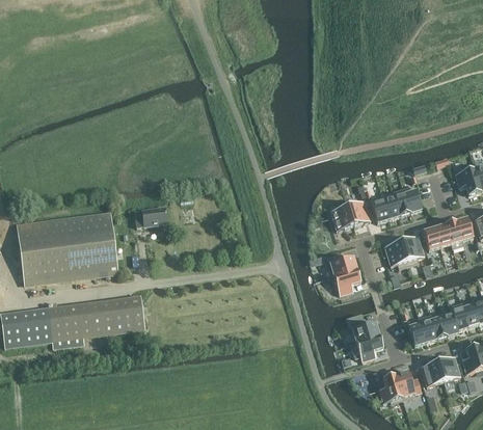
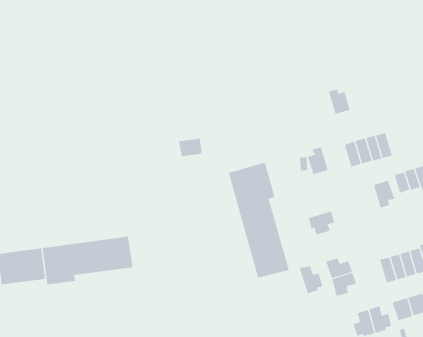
building: [346,196,370,224] -> [328,88,351,115]
building: [141,206,167,225] -> [178,138,203,157]
building: [17,213,118,283] -> none
building: none -> [228,162,289,278]
building: [384,240,408,268] -> none
building: [328,251,357,275] -> none
building: none -> [299,265,323,294]

